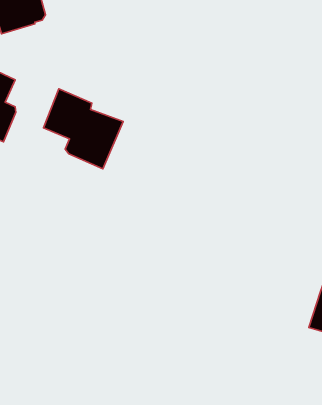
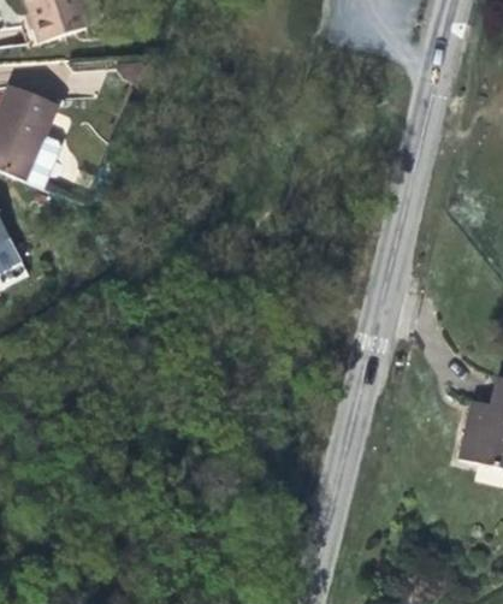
building: [44,89,123,169] -> none

